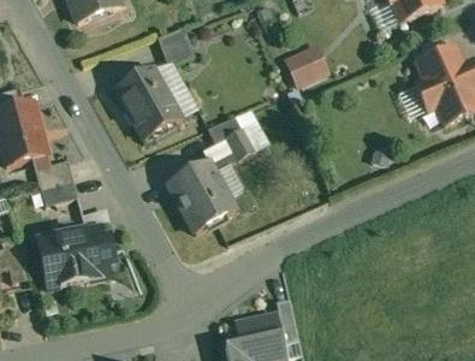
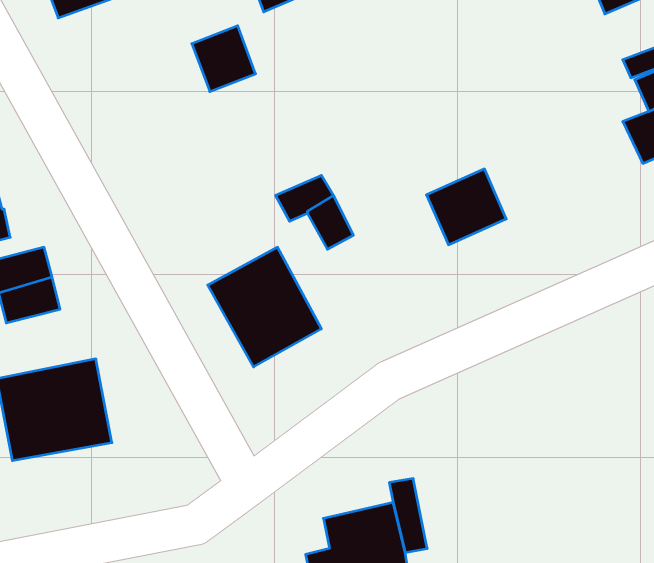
building: [287,40,336,85] -> [426,169,506,245]
building: [115,66,182,138] -> none

